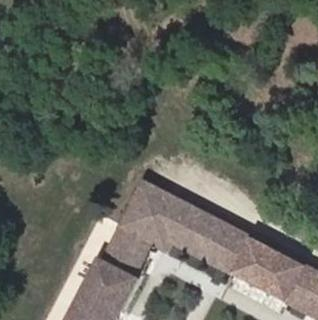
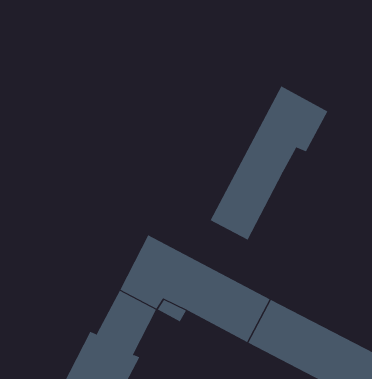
building: none -> [210,85,328,240]

